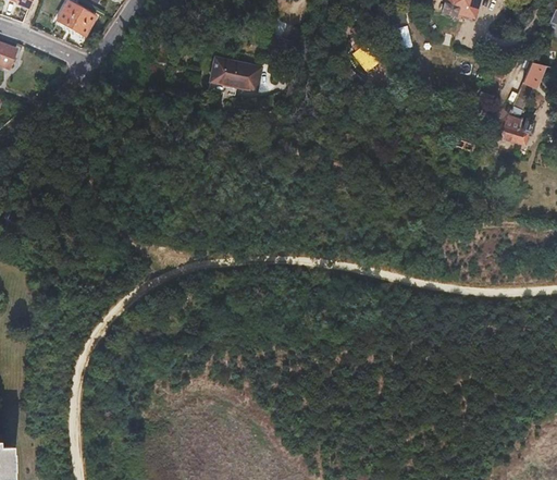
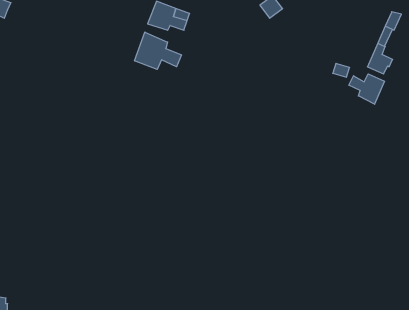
building: none -> [135,32,182,69]
building: none -> [349,74,385,104]

